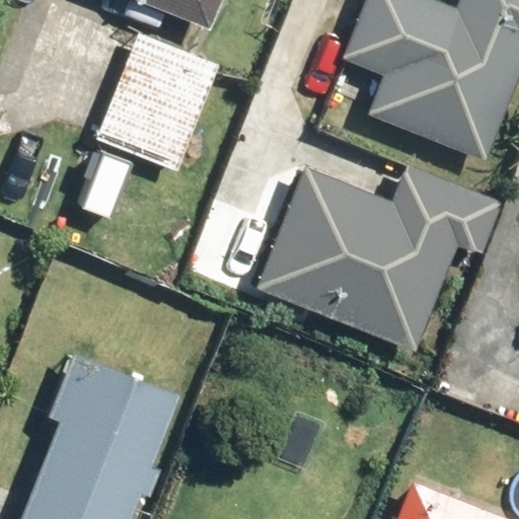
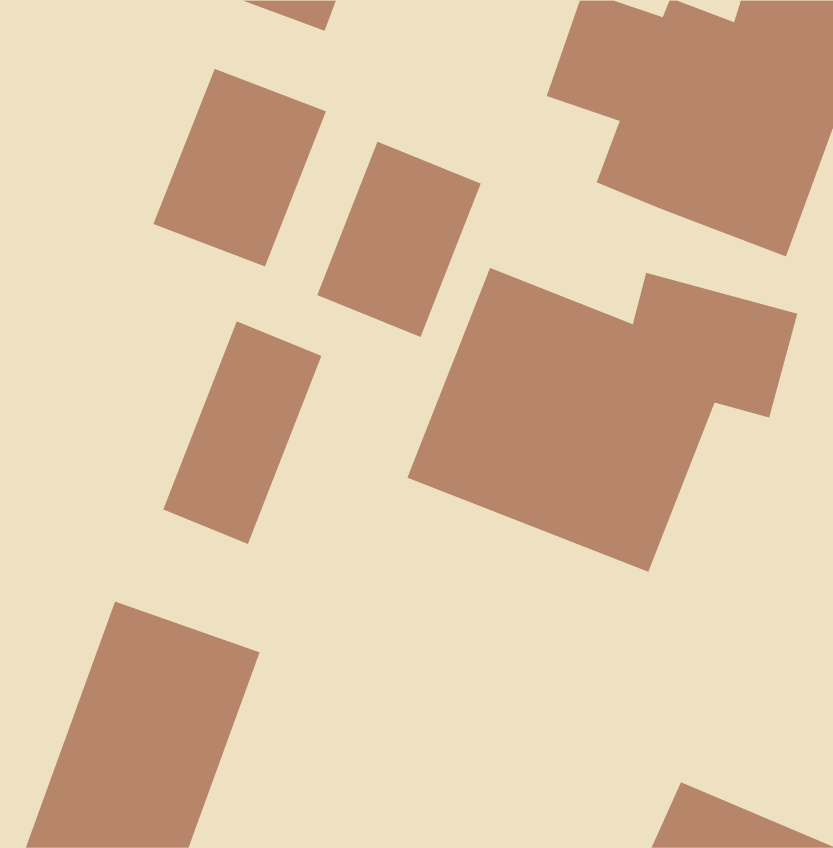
building: none -> [316,141,482,338]
building: none -> [163,321,322,545]

